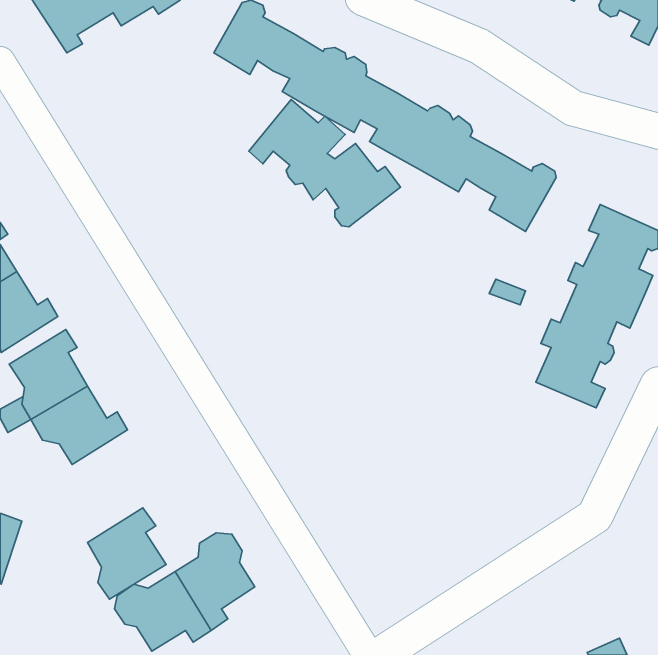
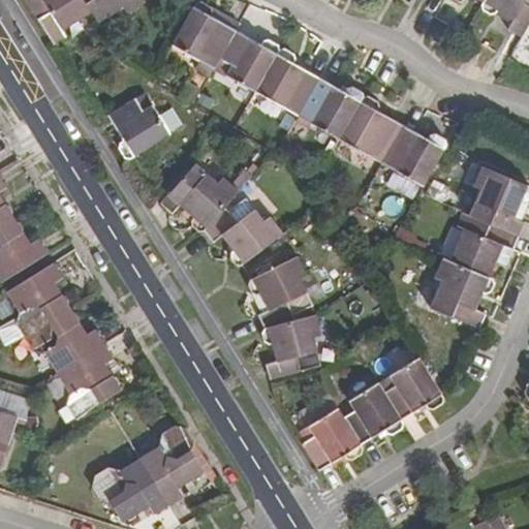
building: [249,100,401,227] -> [160,161,282,263]
building: none -> [107,97,169,157]
building: none -> [246,255,321,378]
building: none -> [302,356,444,470]
building: [88,508,166,599] -> [58,345,121,418]

